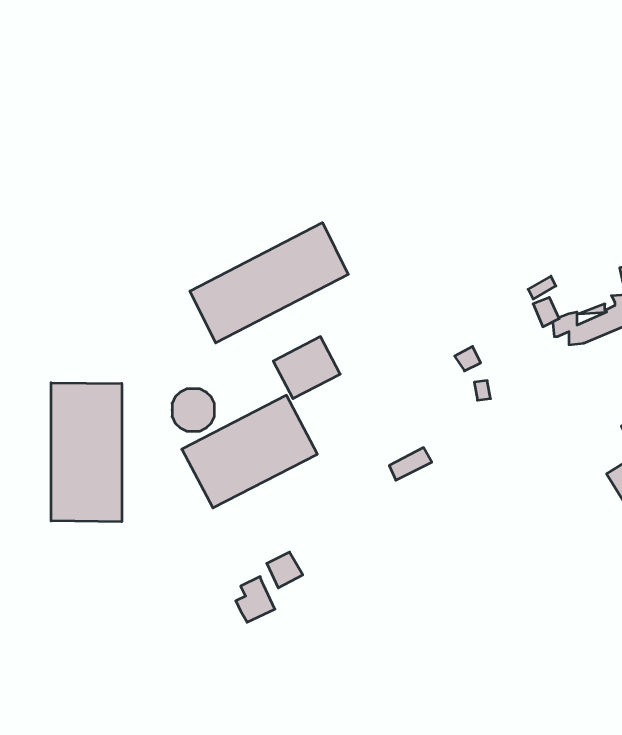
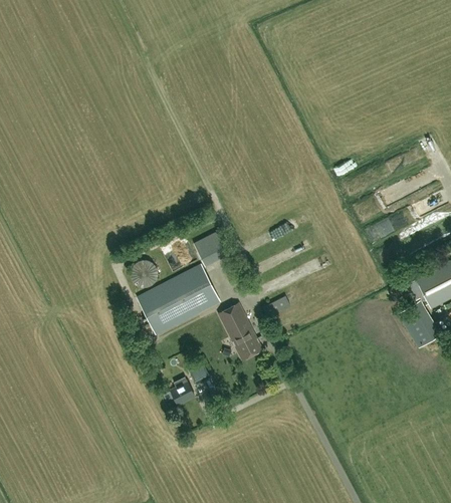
building: [190,223,348,343] -> none
building: [51,383,122,522] -> none
building: none -> [218,303,262,360]

